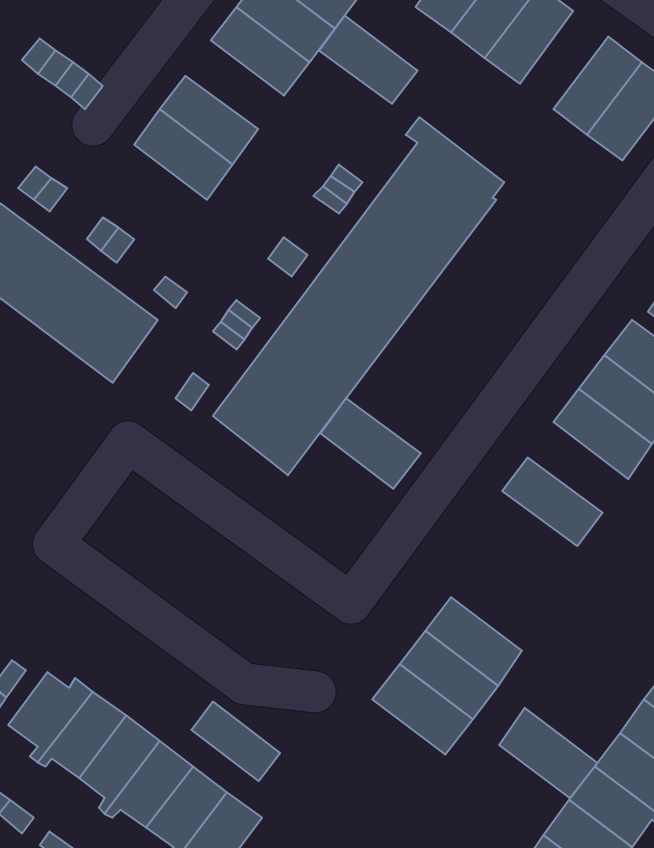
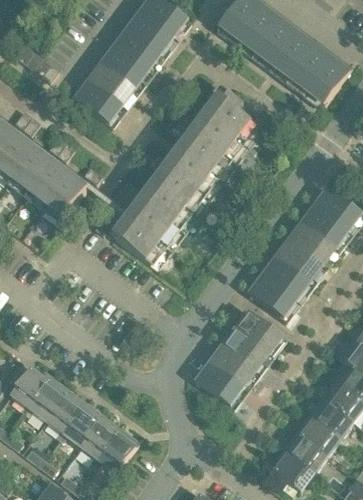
building: none -> [270,29,315,79]
building: [319,15,418,104] -> [100,44,150,89]
building: [320,398,421,489] -> [248,273,299,319]
building: none -> [274,238,325,284]
building: [191,702,280,781] -> none
building: [499,708,598,798] -> [235,308,285,354]

